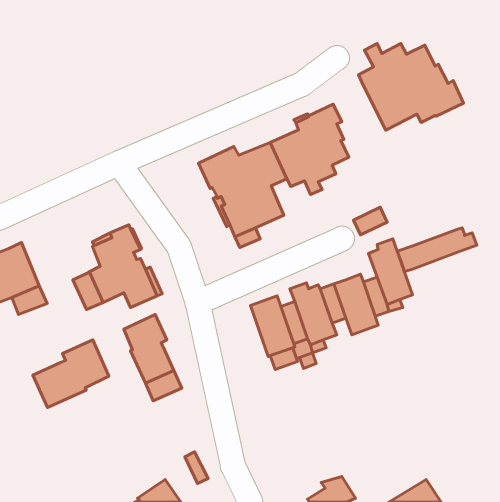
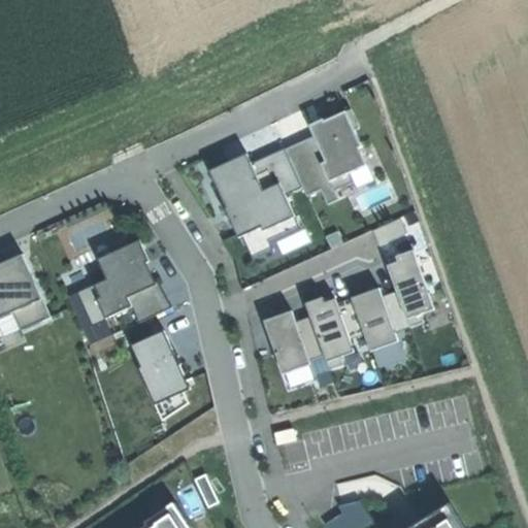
building: [359,43,464,130] -> none
building: [397,228,477,271] -> none
building: [33,340,109,408] -> none

